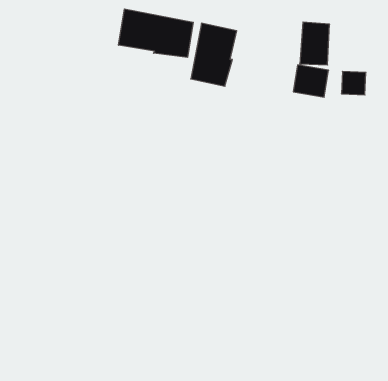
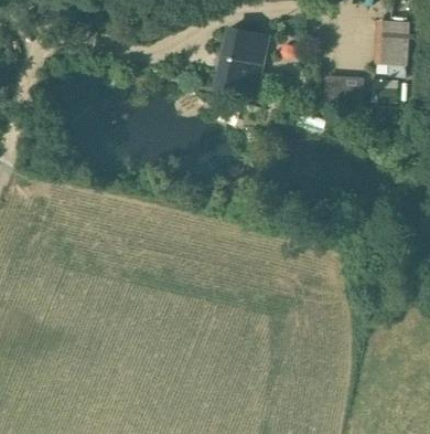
building: [119,9,193,57] -> none
building: [300,22,330,65] -> [375,20,406,64]

